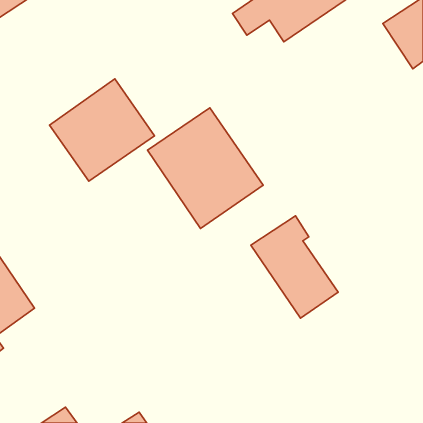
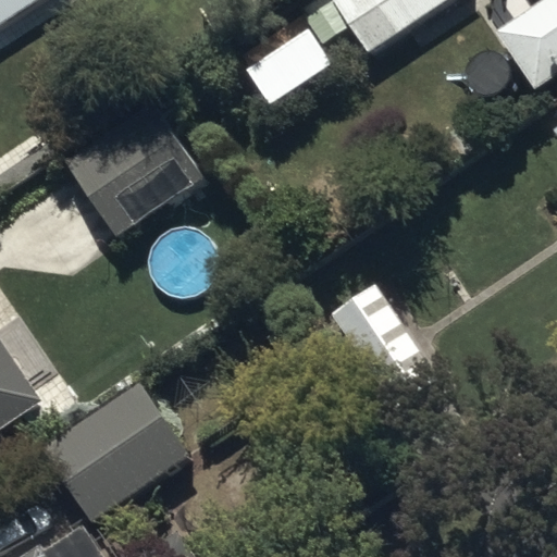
building: [147,108,263,229] -> none
building: none -> [39,380,190,523]

